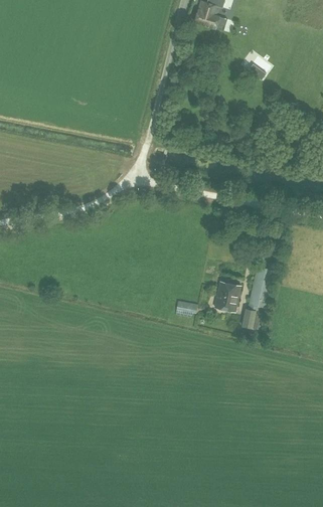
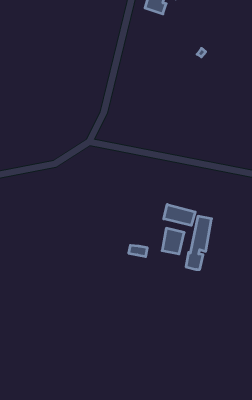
building: none -> [164,204,195,225]

